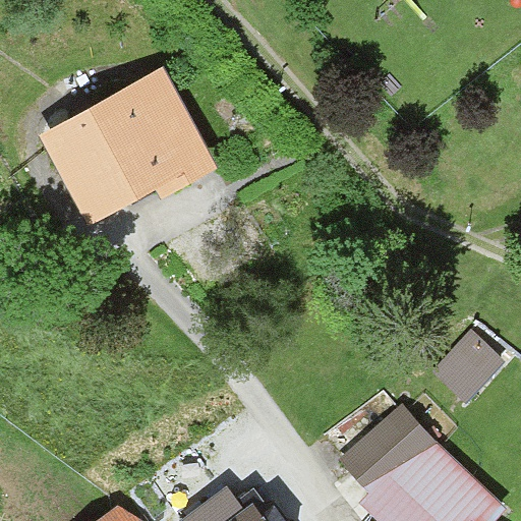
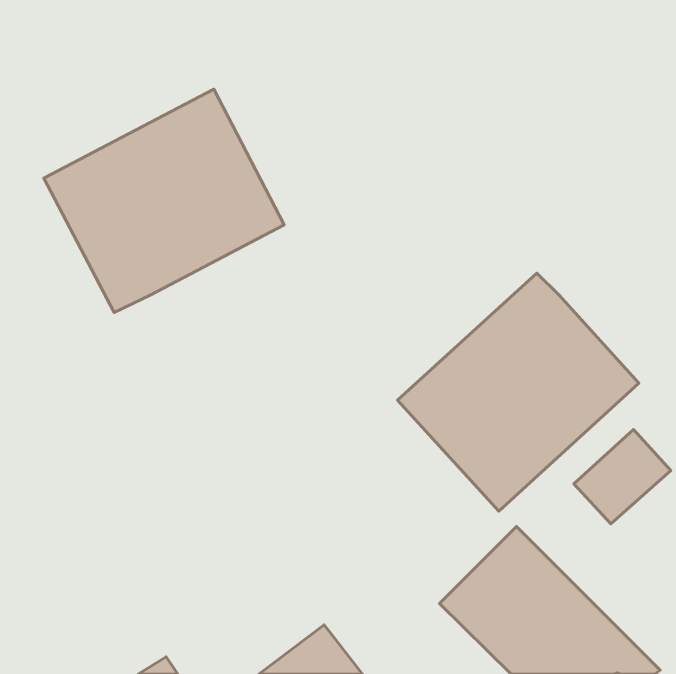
building: none -> [398,273,639,511]

